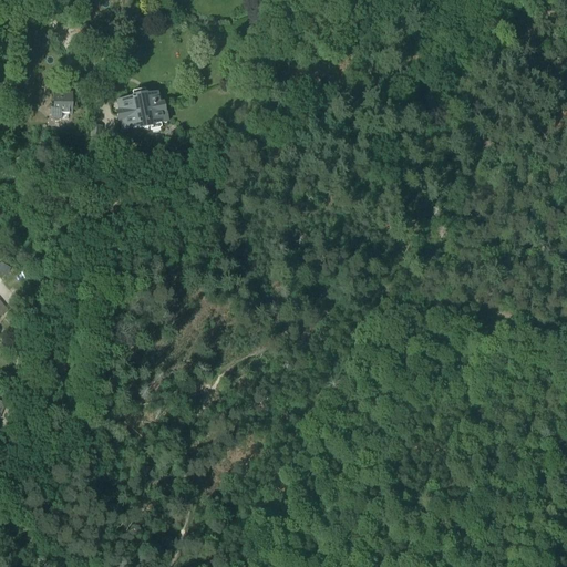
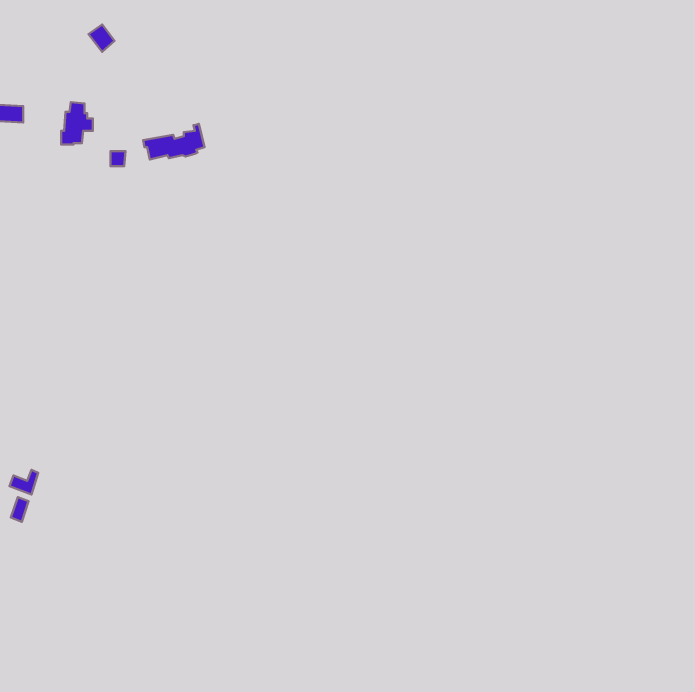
building: [115,87,162,114] -> none

